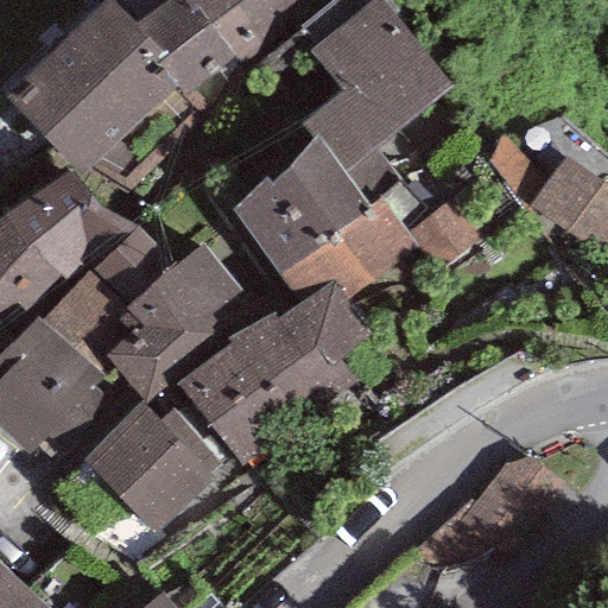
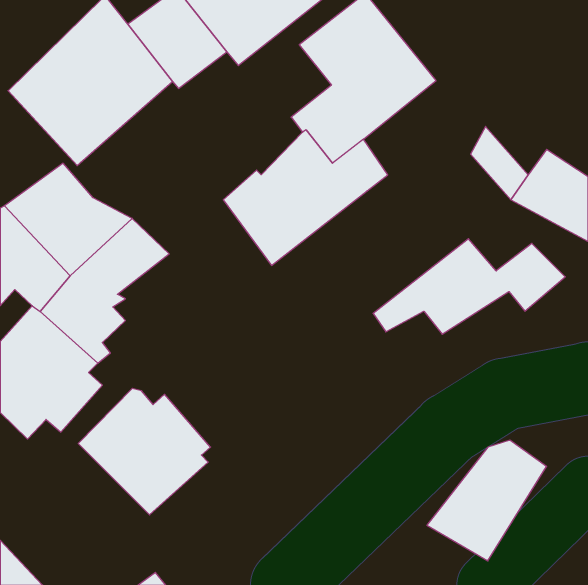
building: [280,197,479,296] -> [373,239,565,334]
building: [106,242,255,398] -> none
building: [175,280,370,468] -> none

